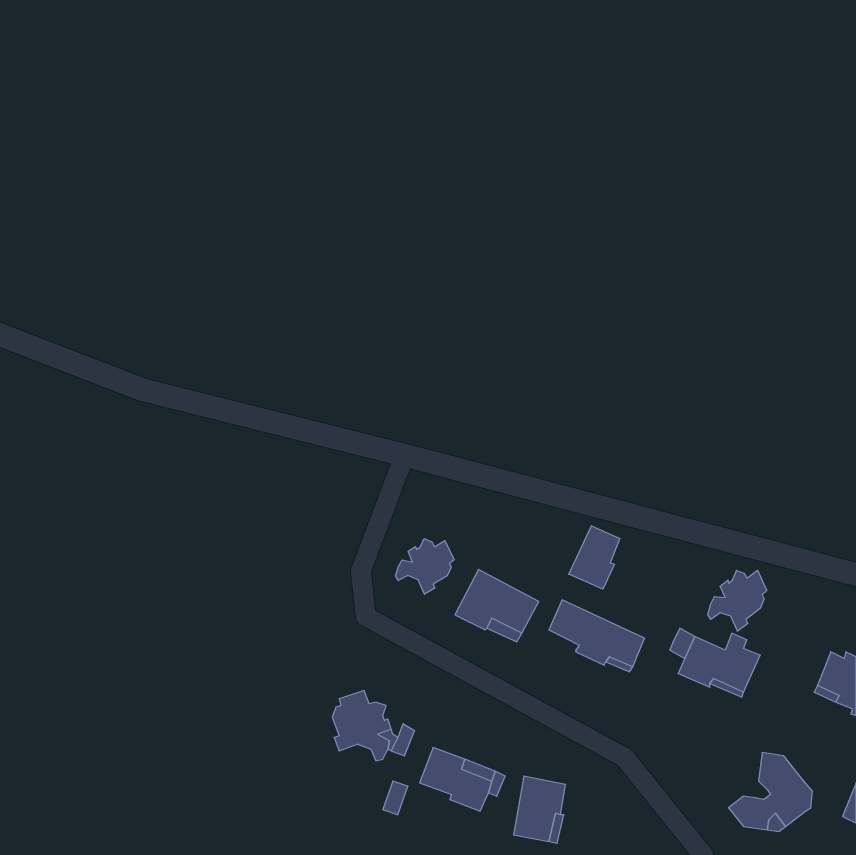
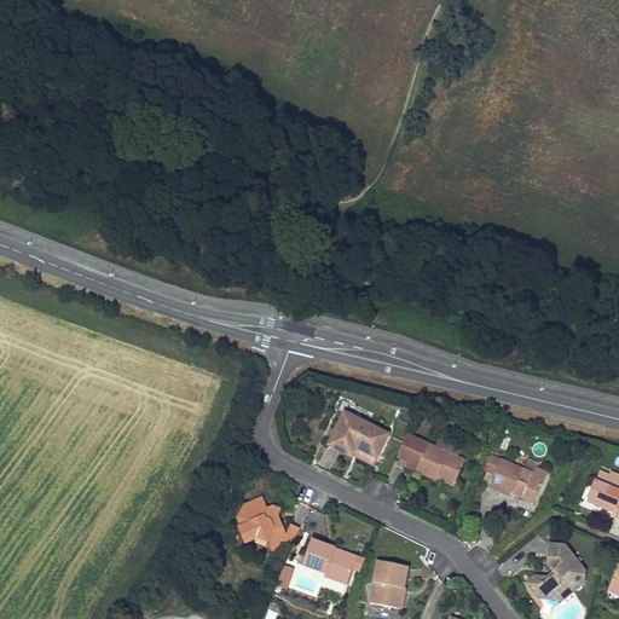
building: [569,526,620,589] -> none
building: [395,539,454,594] -> none
building: [708,570,767,631] -> none

